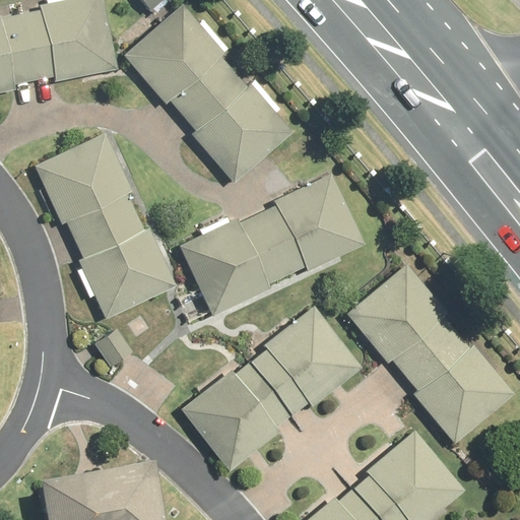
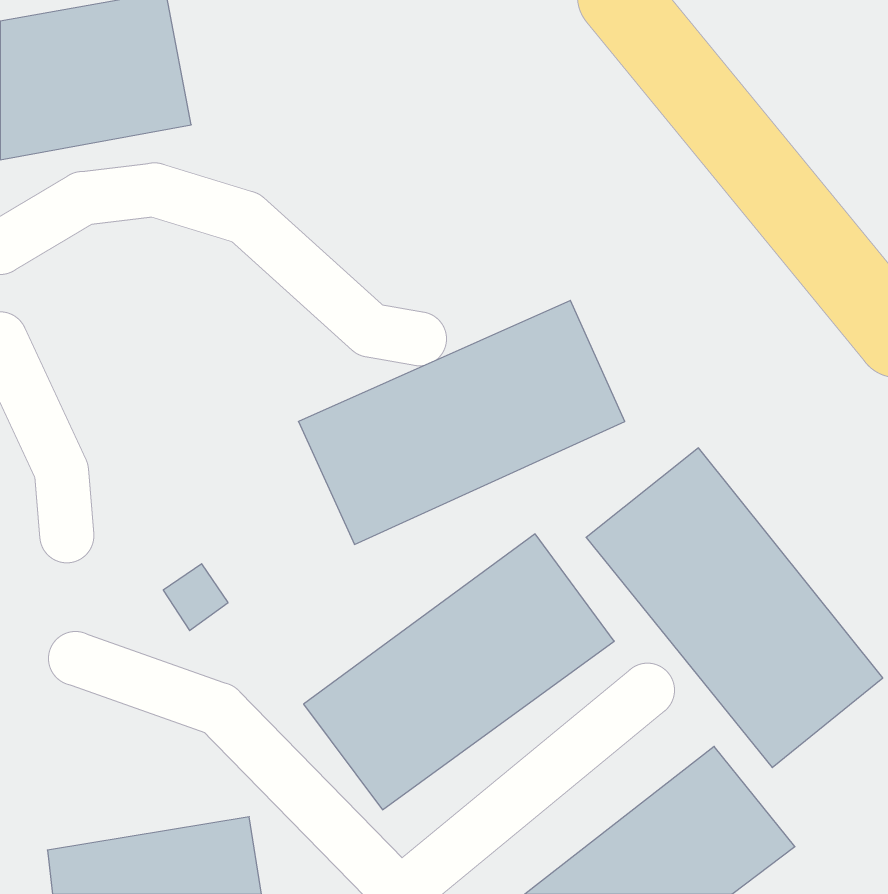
building: [123,5,295,185] -> none
building: [35,135,172,318] -> none

